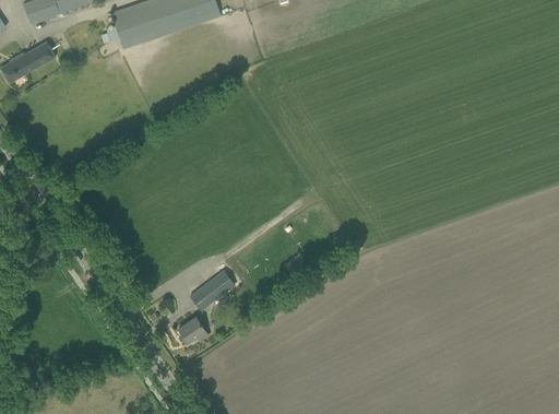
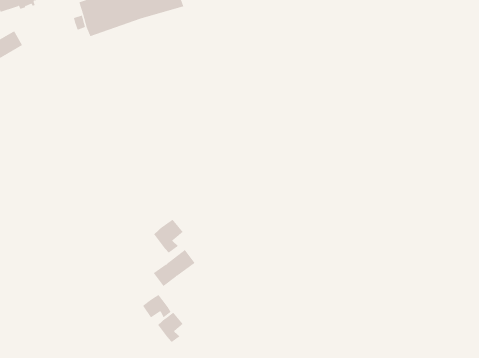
building: none -> [153,219,183,254]
building: none -> [158,312,184,343]

